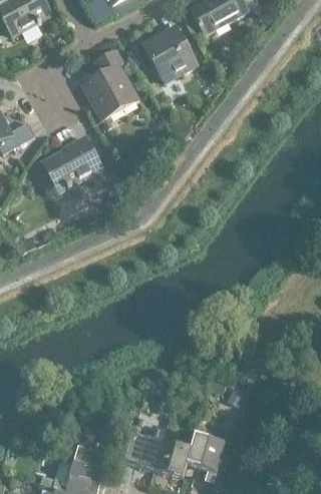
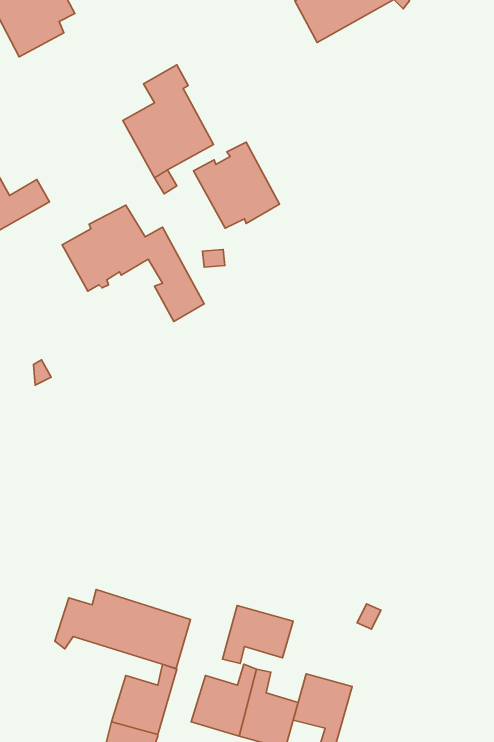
building: [141,24,196,78] -> [193,142,279,228]
building: none -> [55,590,191,669]
building: none -> [222,606,293,663]

